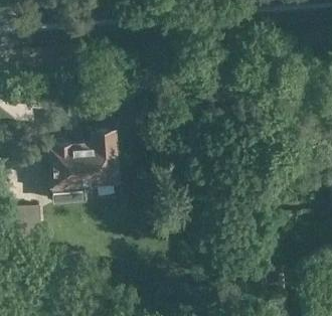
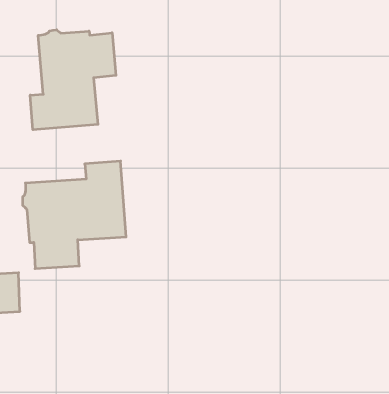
building: none -> [30,30,116,130]

